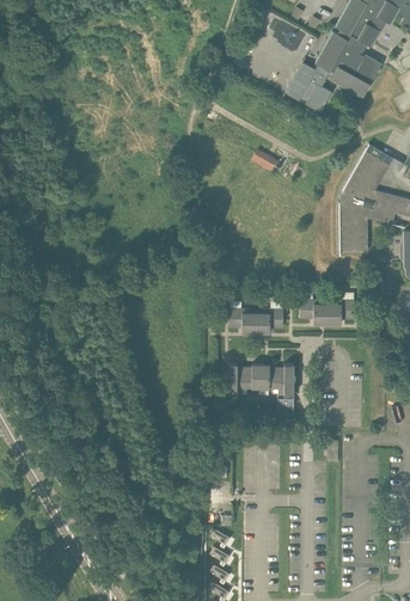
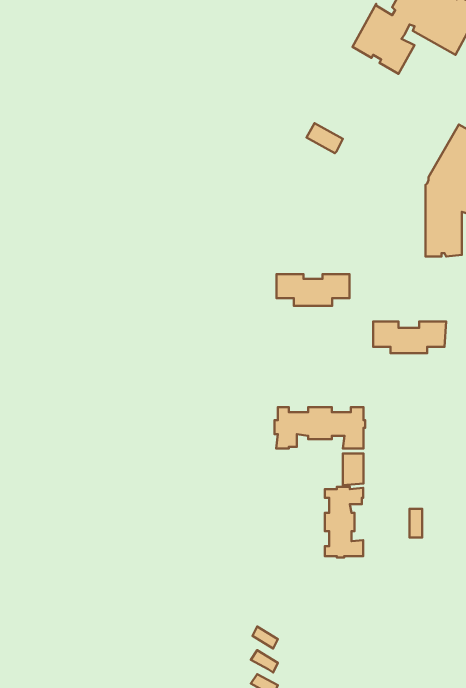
building: [230,308,284,332] -> [277,274,350,306]
building: none -> [325,487,363,557]

